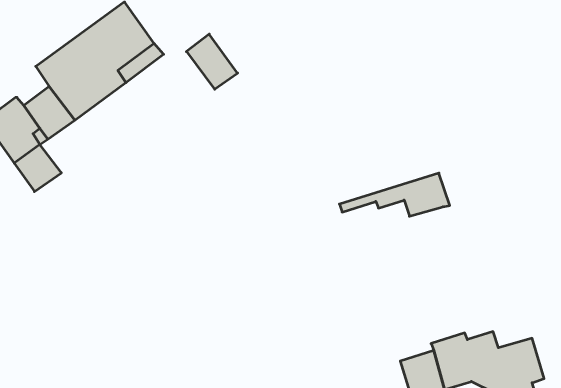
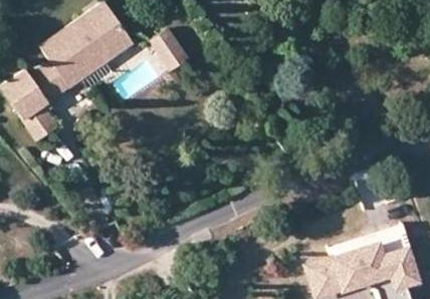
building: [339,173,450,216] -> [331,229,413,261]

